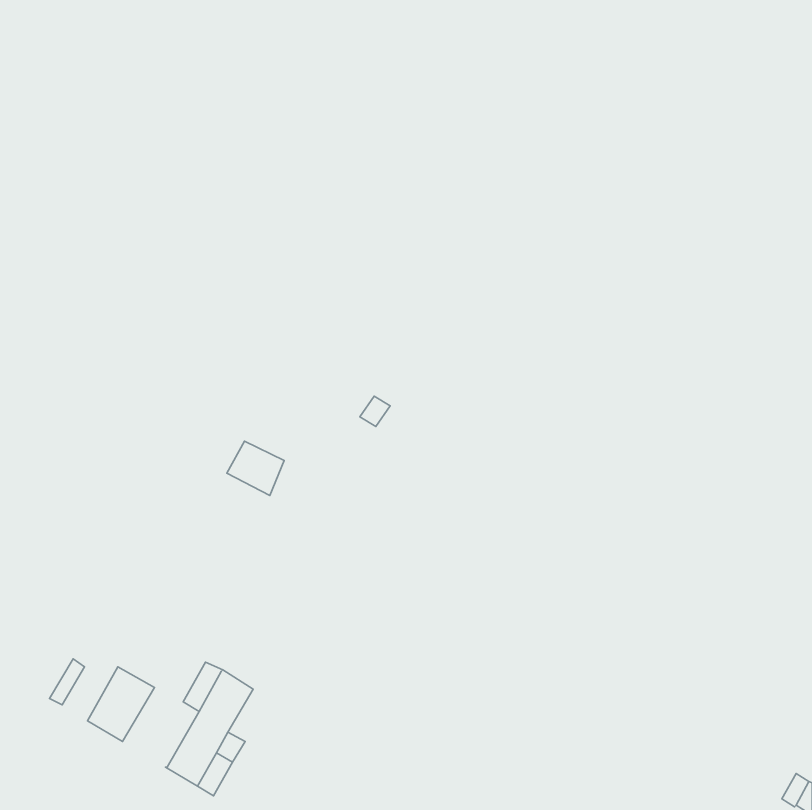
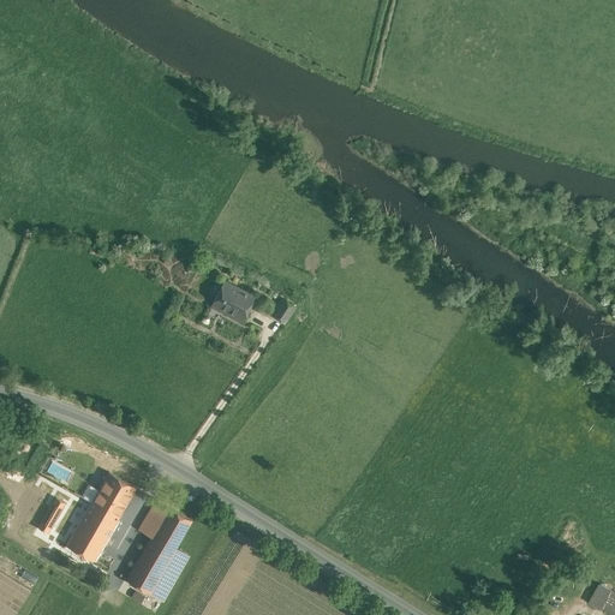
building: [227,441,284,495] -> [210,283,253,324]
building: none -> [89,473,135,521]

